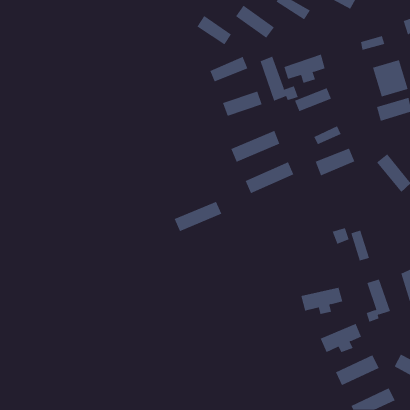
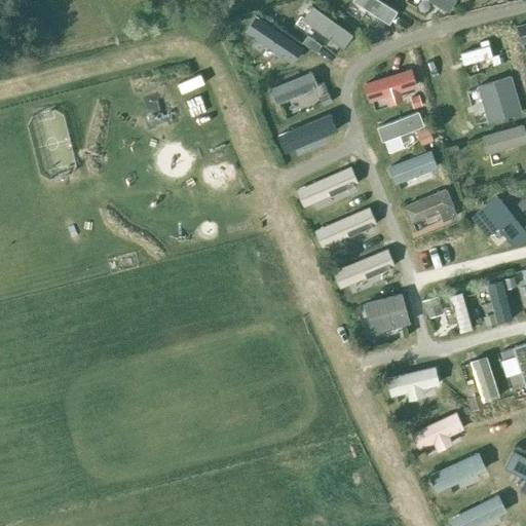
building: [260,56,298,101] -> none
building: [174,201,222,232] -> [333,250,394,289]
building: none -> [486,280,514,325]
building: none -> [362,293,410,335]

